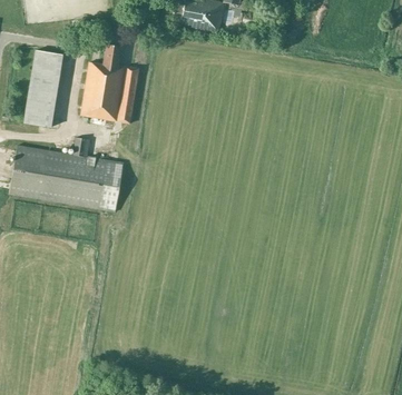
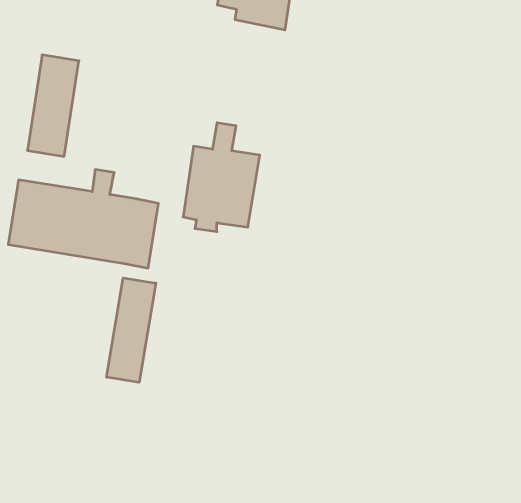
building: [81,43,139,126] -> [183,123,260,232]
building: none -> [107,278,156,382]

